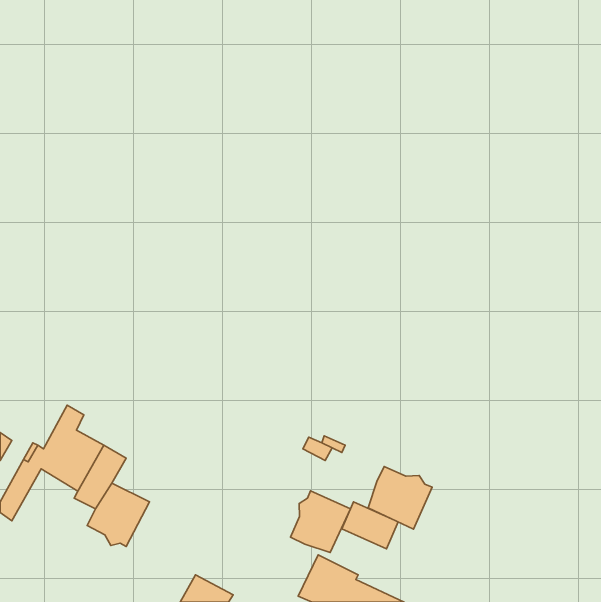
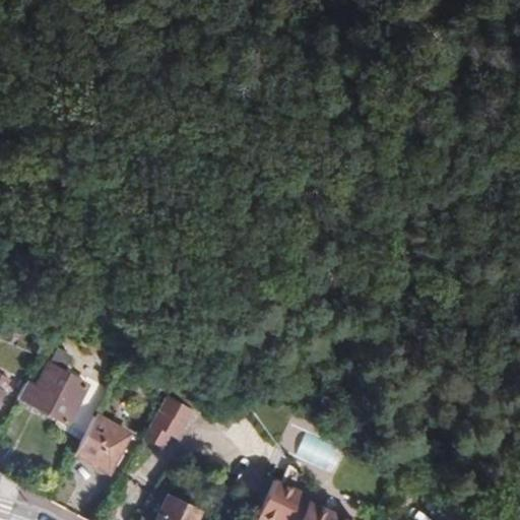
building: none -> [144,398,193,450]
building: [368,466,432,529] -> none
building: [290,491,351,552] -> none

